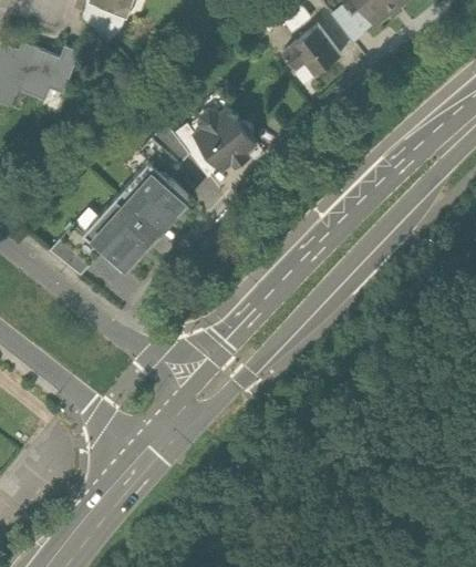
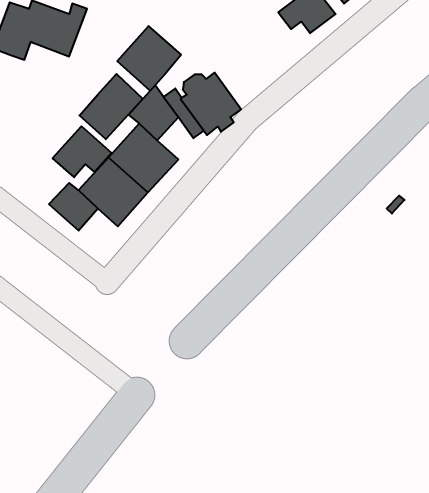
building: none -> [117,26,181,91]
building: none -> [79,74,143,139]
building: none -> [53,126,111,177]

